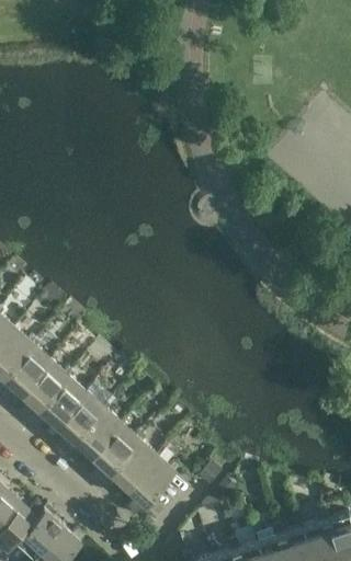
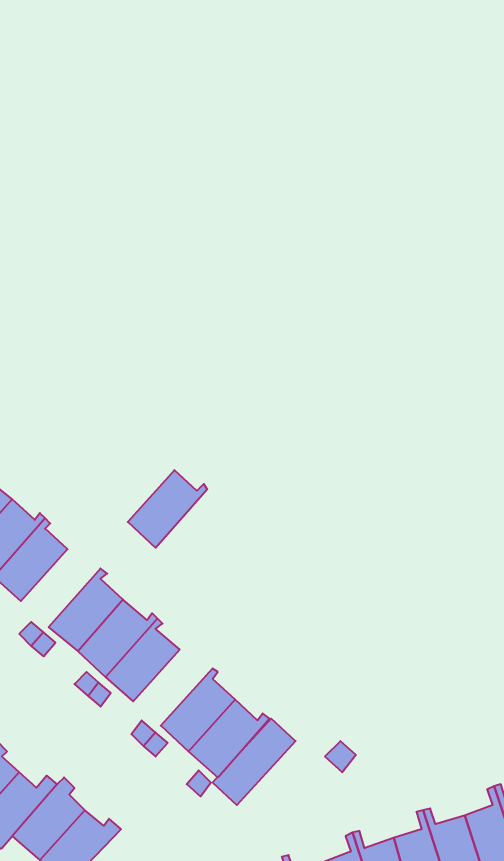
building: [20,362,70,411] -> [128,470,207,548]
building: [91,425,141,473] -> none

